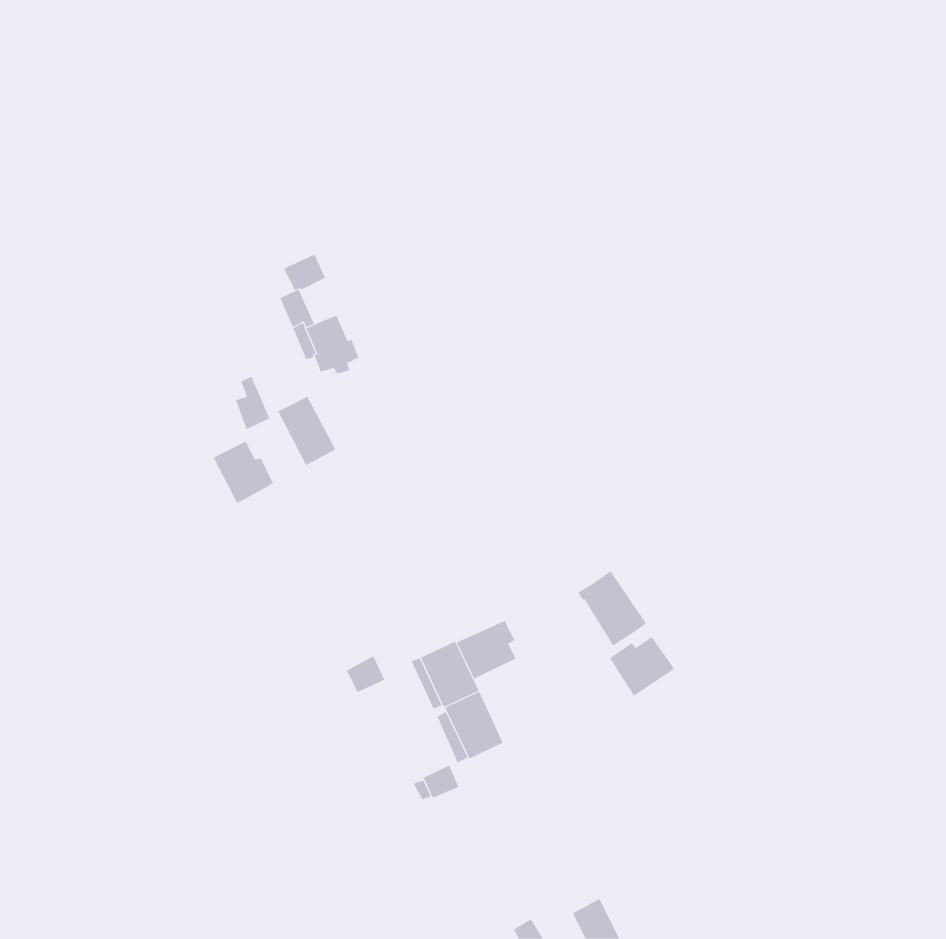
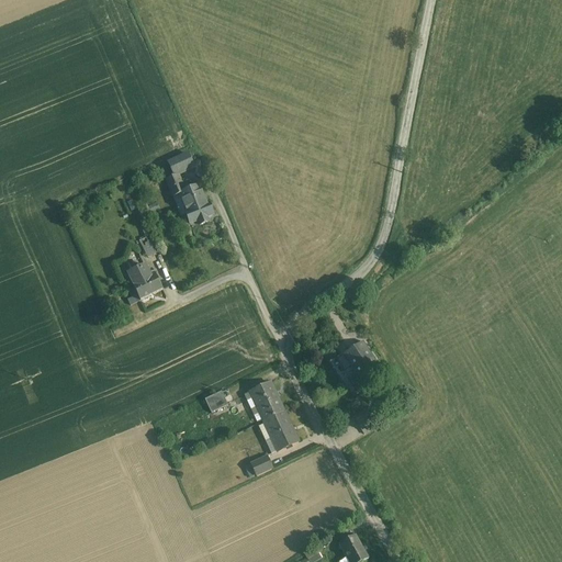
building: [278,396,335,466] -> none
building: [456,620,516,679] -> none
building: [609,636,675,697] -> none

